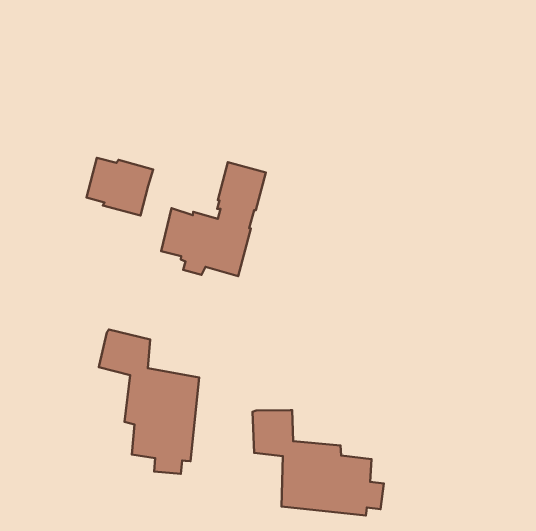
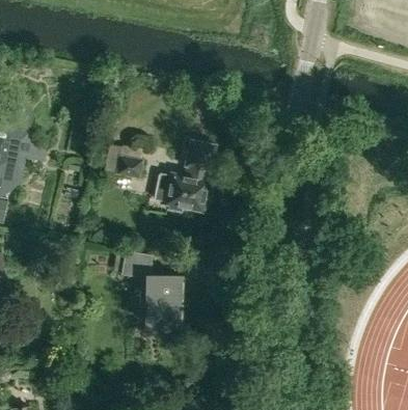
building: [253,410,384,516] -> none

